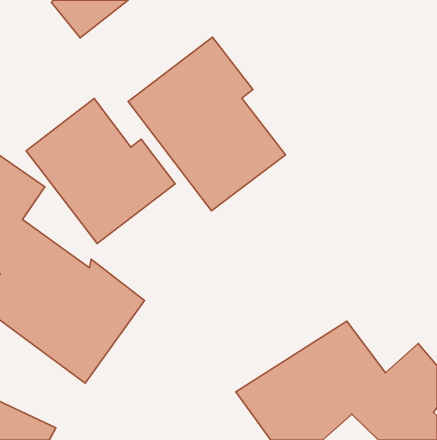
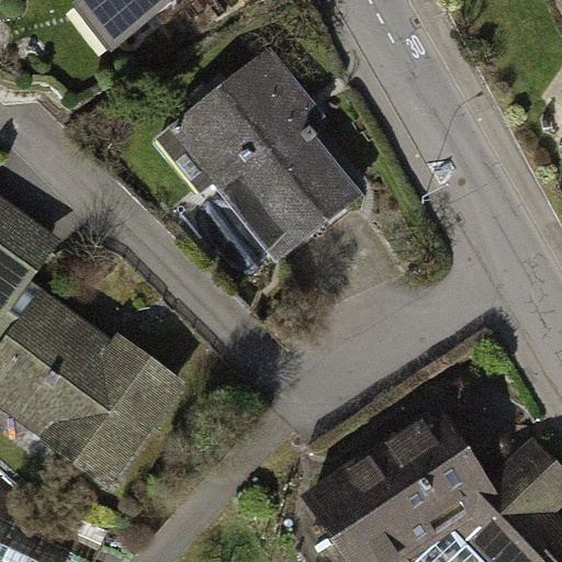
building: [26,98,175,244] -> none

